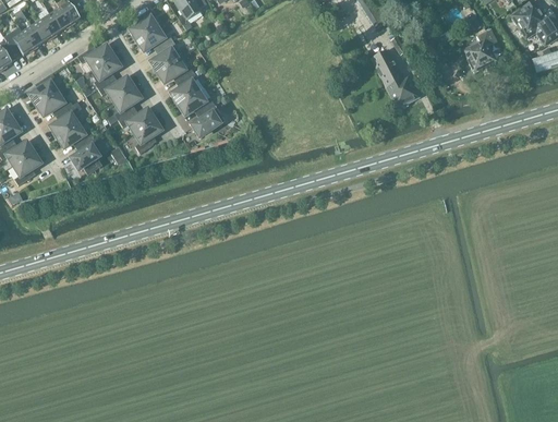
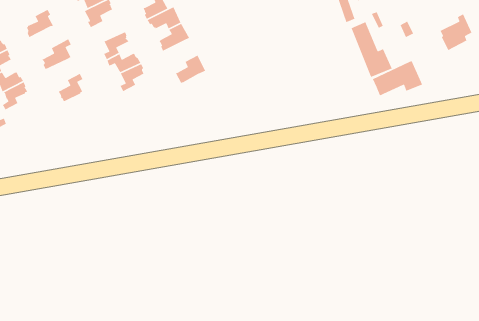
building: [98,77,135,100] -> none
building: none -> [372,60,423,96]
building: [177,91,214,114] -> none
building: [35,92,72,116] -> none
building: [56,124,93,147] -> none

